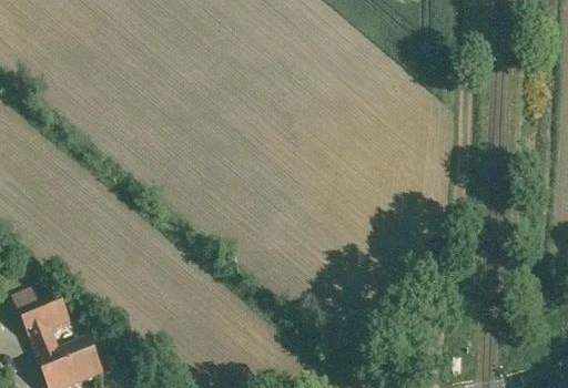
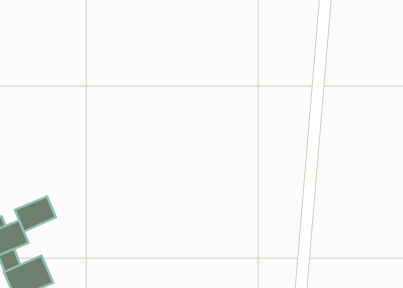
building: none -> [15,196,56,232]

